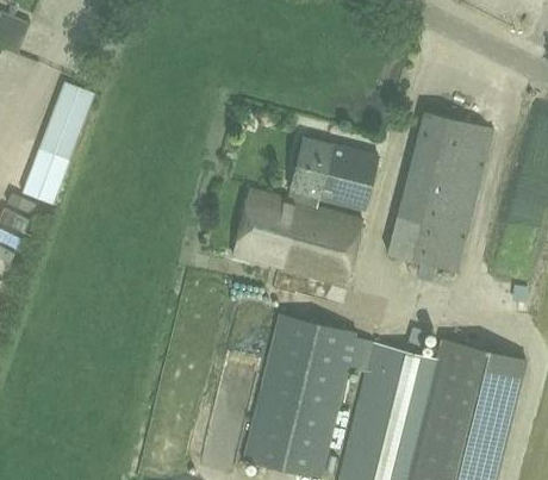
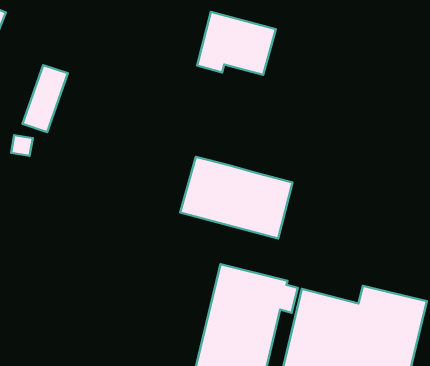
building: [388,111,493,272] -> none
building: [288,138,379,211] -> [197,12,276,75]

